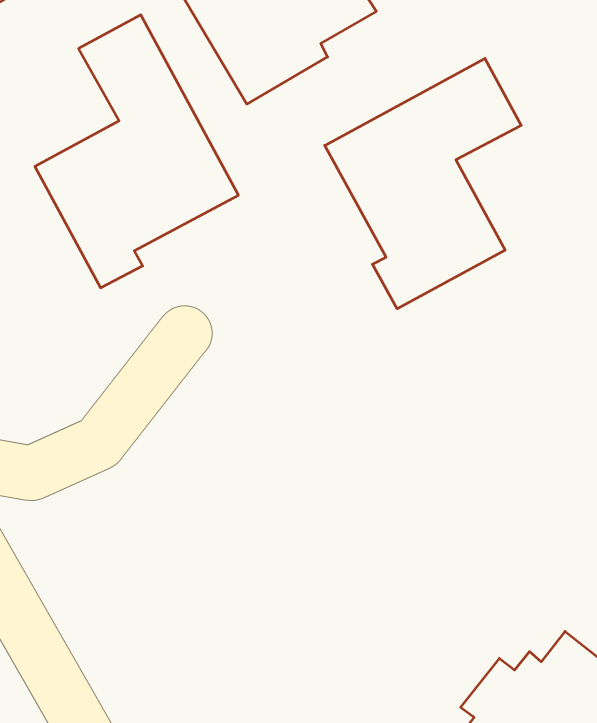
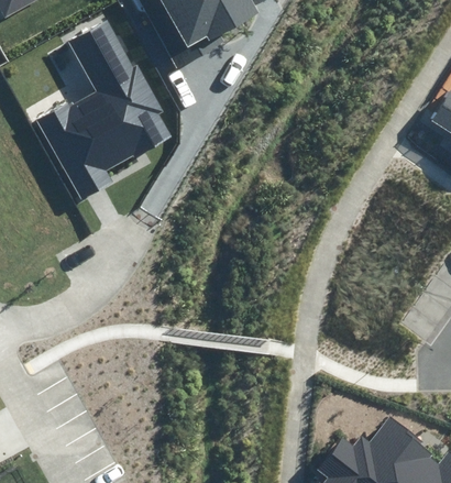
building: [325,58,521,309] -> none

